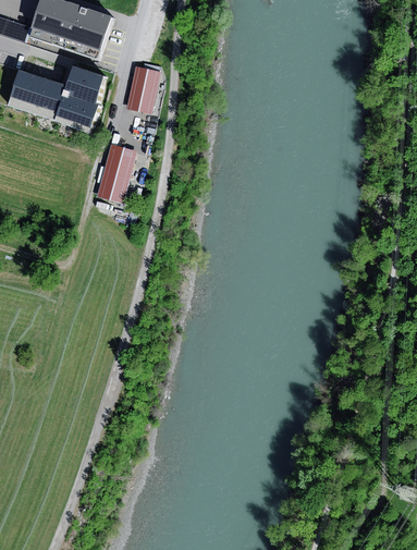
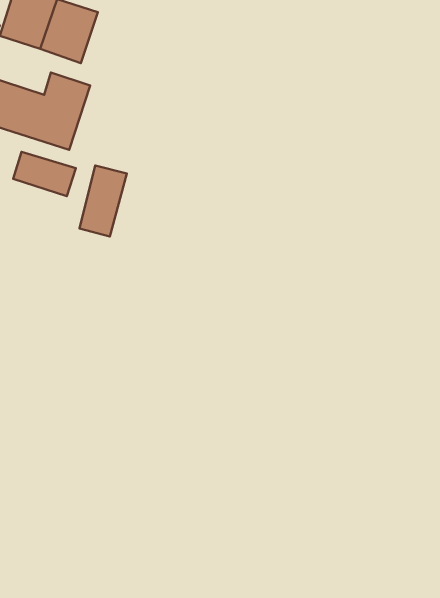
building: [126,65,160,113] -> none
building: none -> [13,152,76,196]

